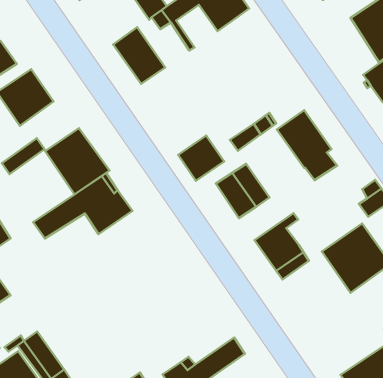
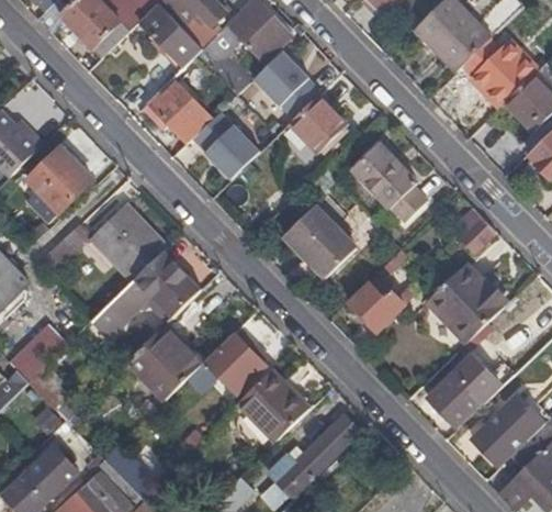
building: none -> [255,48,312,104]
building: none -> [289,93,346,151]
building: [178,135,224,181] -> [206,124,260,178]
building: none -> [127,329,200,400]
building: none -> [203,332,264,393]
building: none -> [238,371,308,441]
building: none -> [427,353,499,427]

